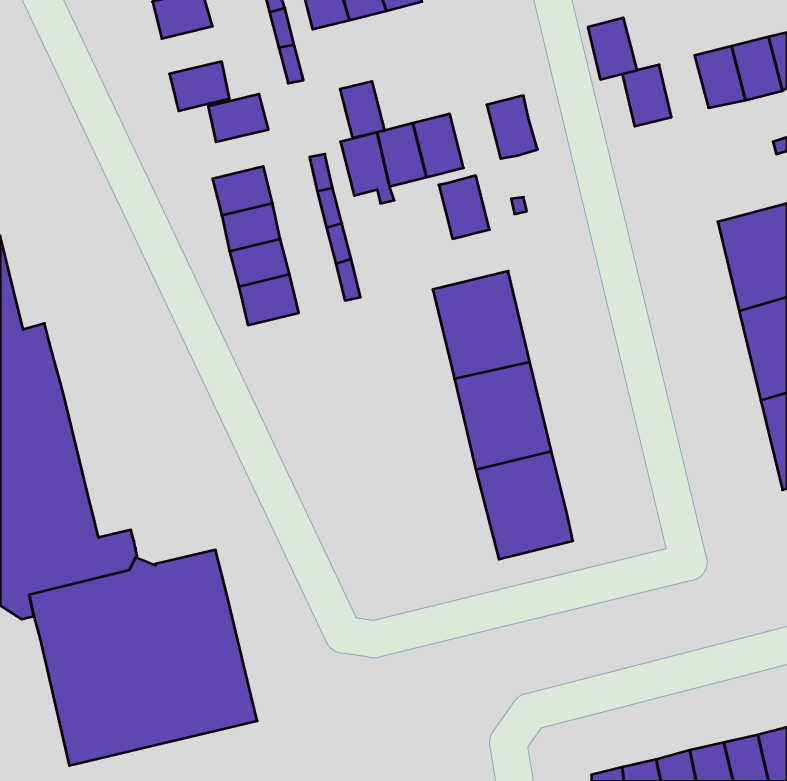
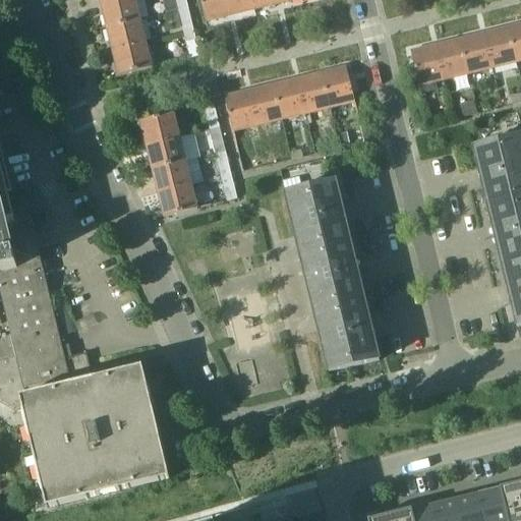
building: [588,18,637,79] -> [436,37,468,77]
building: [340,81,385,138] -> none
building: [208,94,268,142] -> [107,17,147,49]
building: [439,176,490,239] -> [297,69,331,111]

